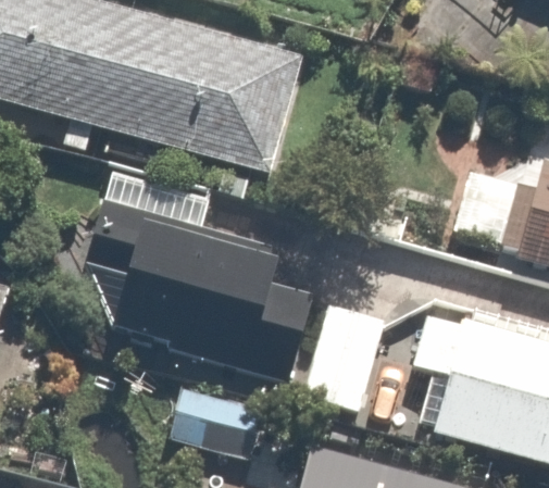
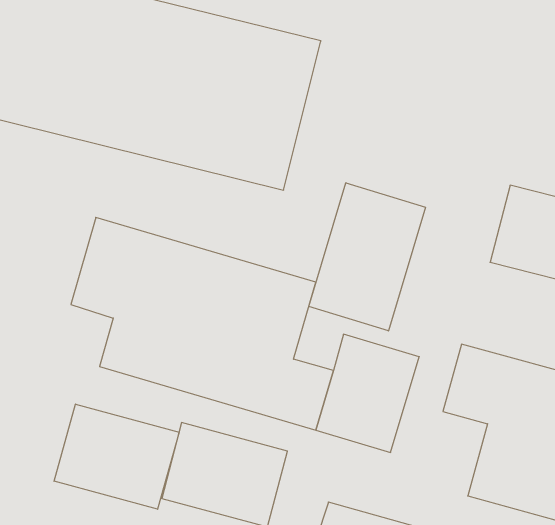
building: none -> [309,183,425,331]
building: none -> [54,404,179,509]

